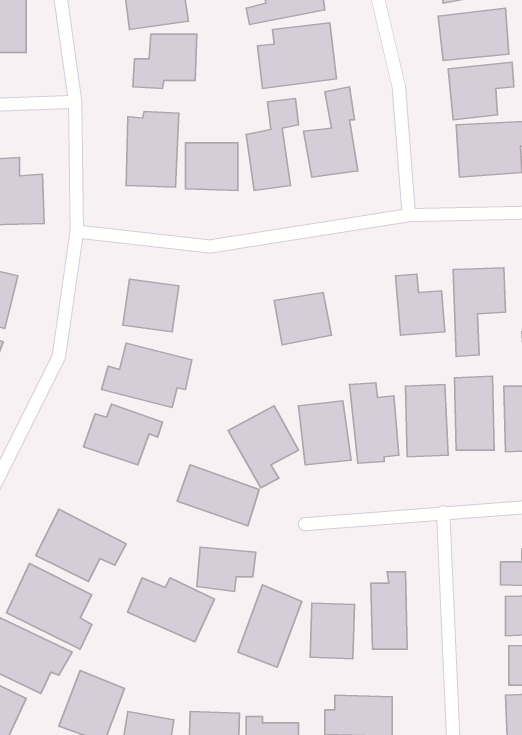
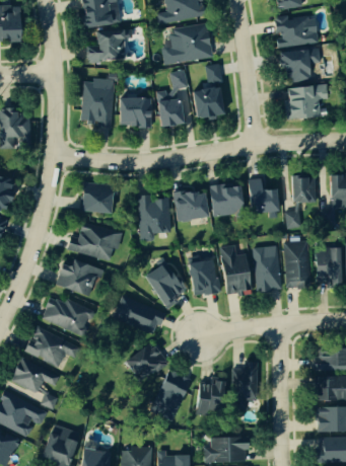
building: none -> [210,182,245,217]
building: none -> [137,195,172,241]
building: [127,578,215,642] -> [42,297,95,336]

